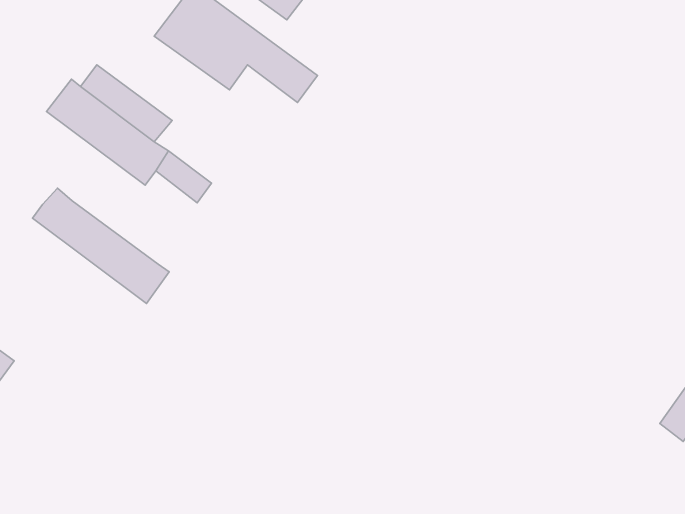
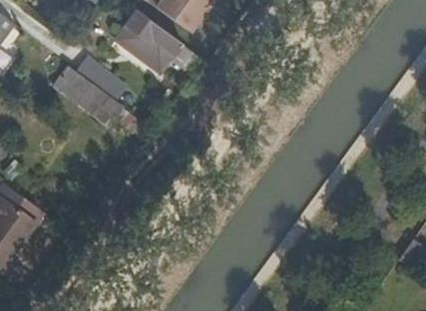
building: [32,188,169,303] -> none

